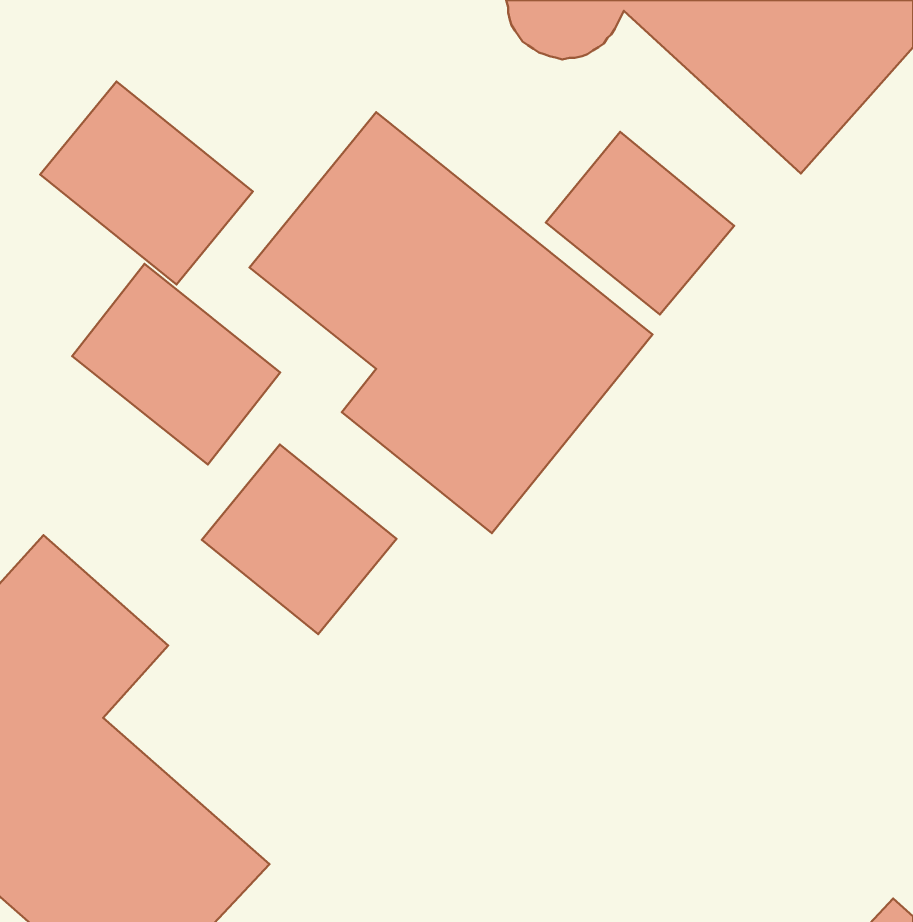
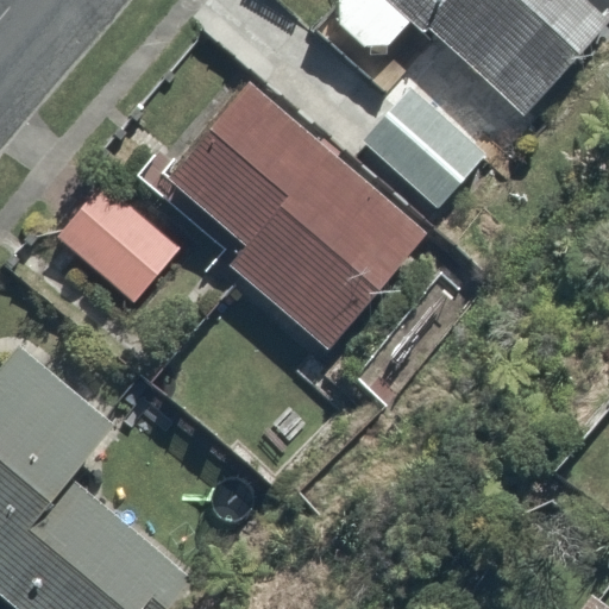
building: [40,82,253,285] -> none
building: [202,445,396,634] -> none

